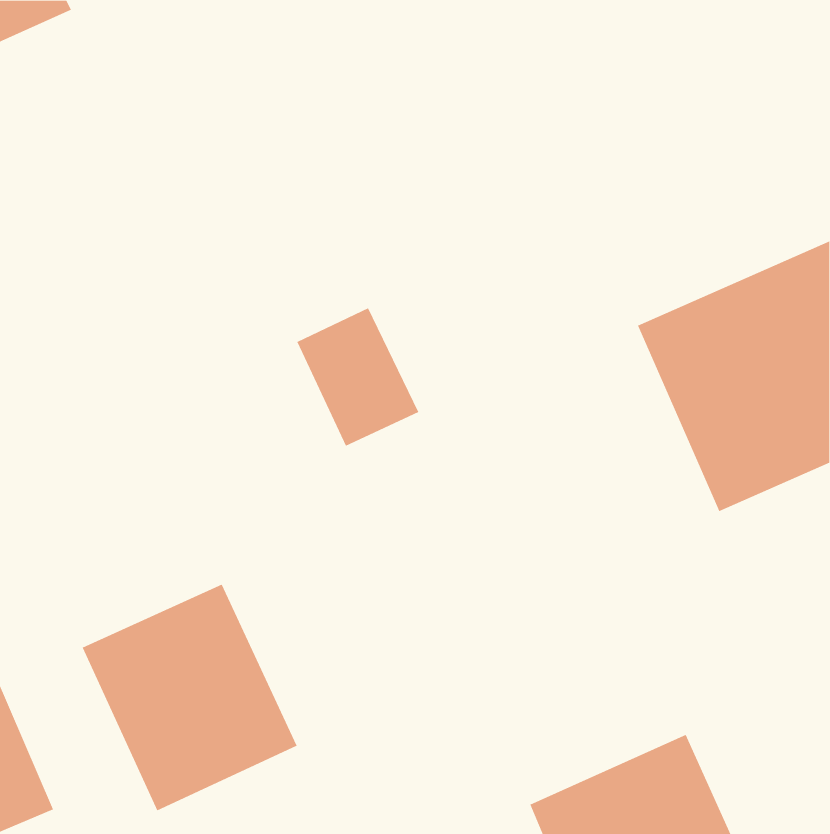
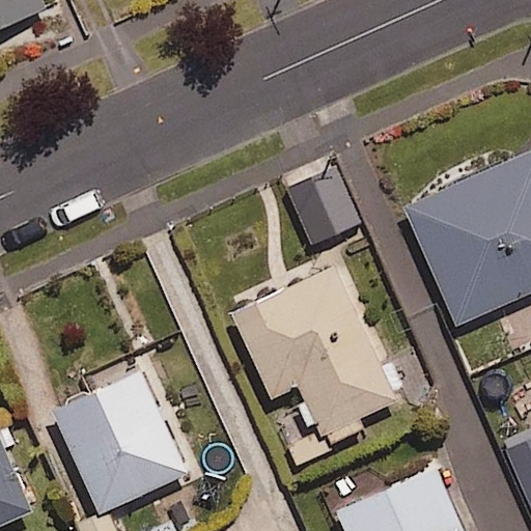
building: [297,308,419,447] -> [280,157,358,245]
building: none -> [230,264,399,437]

